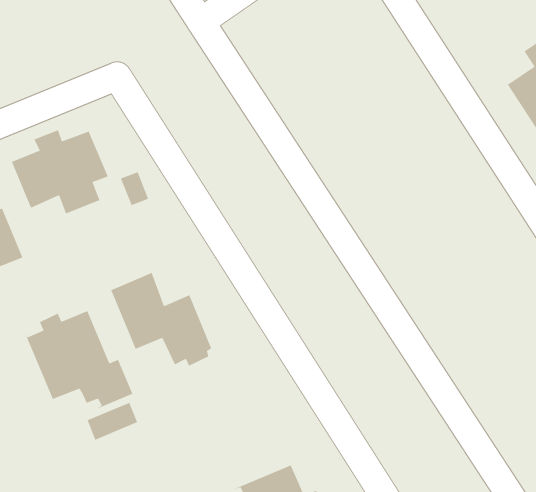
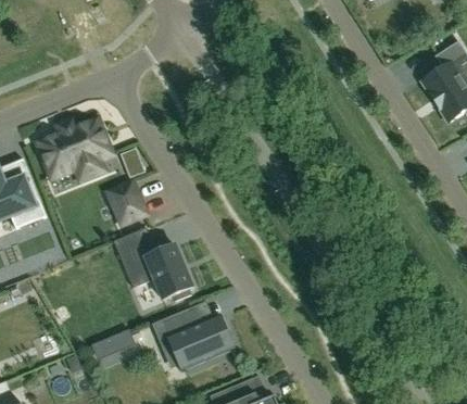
building: none -> [109,180,147,223]
building: [24,310,133,409] -> none
building: none -> [163,306,233,368]

